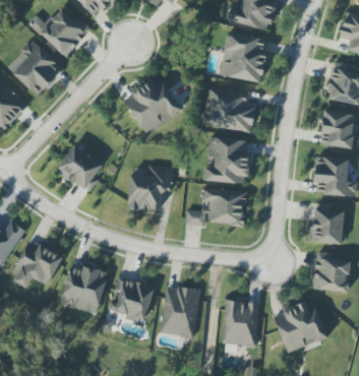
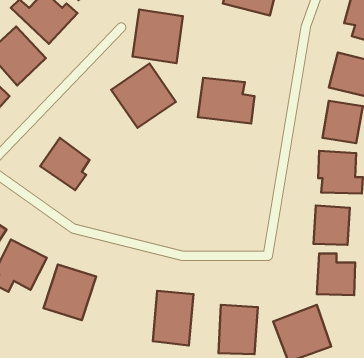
building: [220,33,266,82] -> [133,9,183,63]
building: [203,137,249,184] -> none
building: [127,166,173,210] -> none
building: [184,188,245,226] -> none
building: [108,277,154,321] -> none

